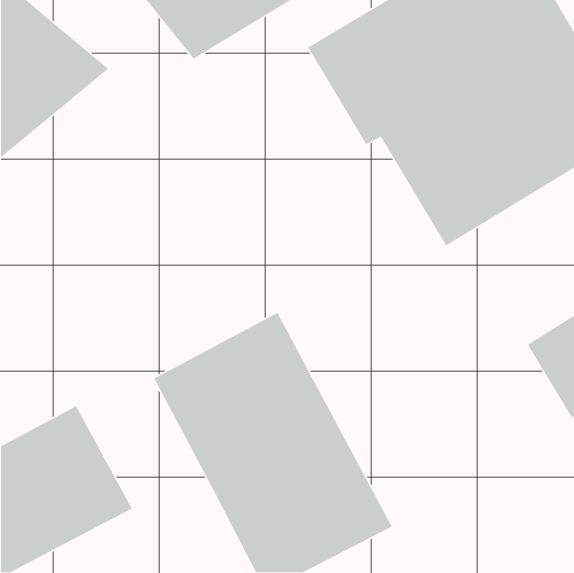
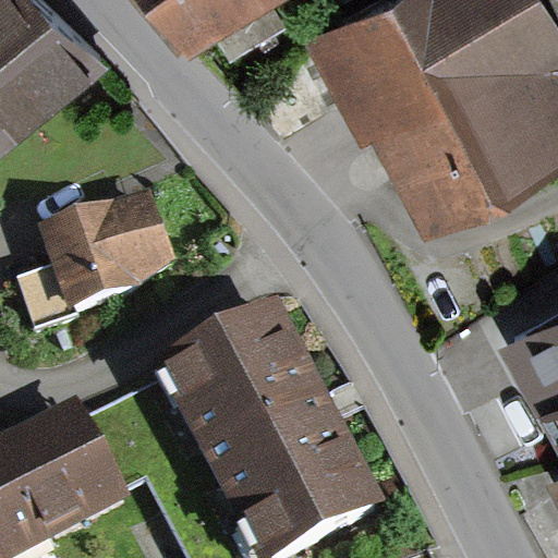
building: none -> [21,191,173,328]

